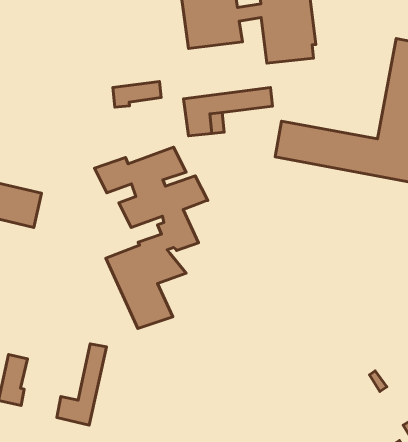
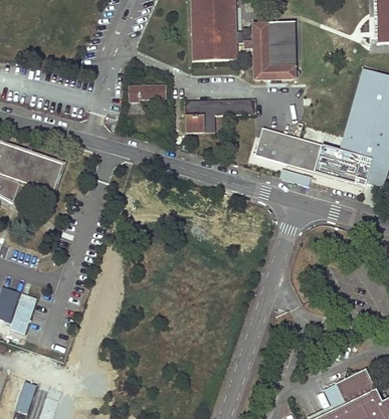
building: [94,147,208,329] -> none
building: [57,344,106,425] -> none

